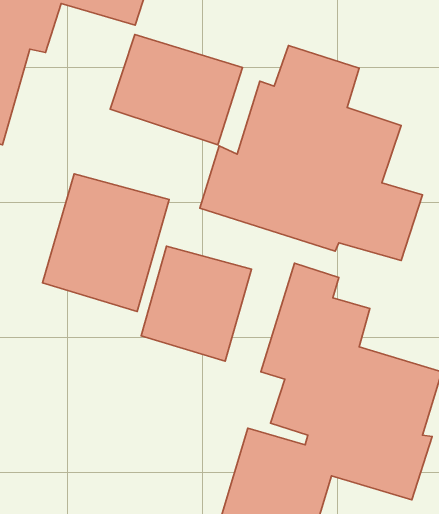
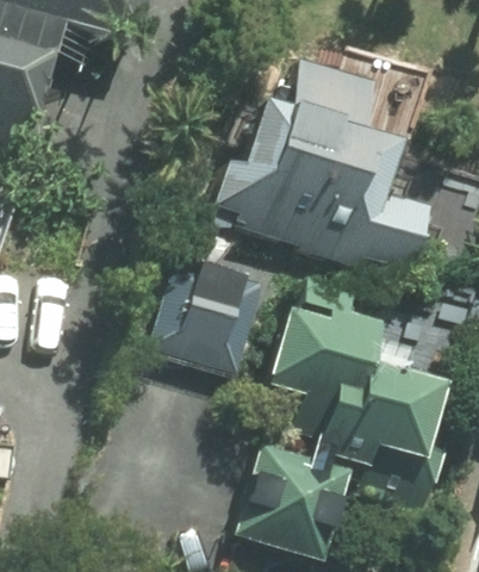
building: [110,34,243,145] -> none
building: [43,174,169,312] -> none

